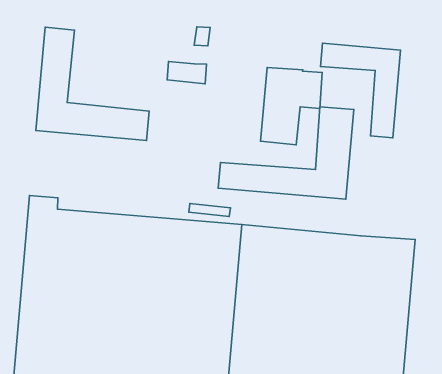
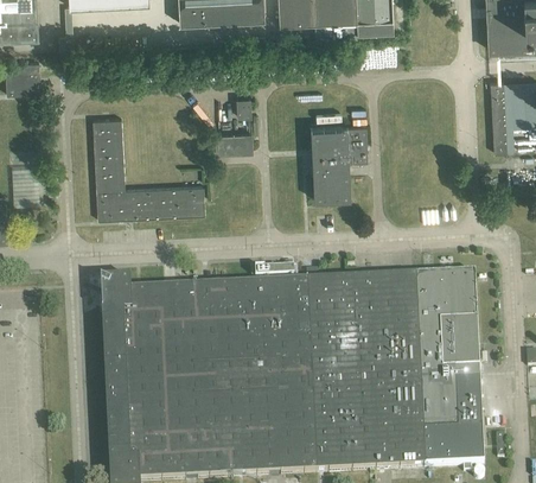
building: [320,43,400,138] -> none
building: [218,107,354,199] -> none

